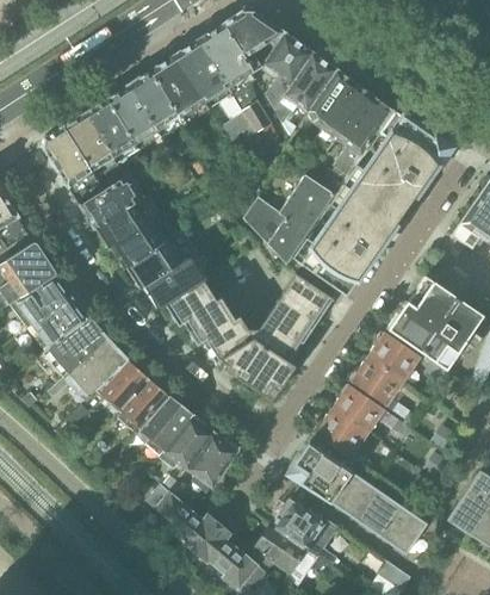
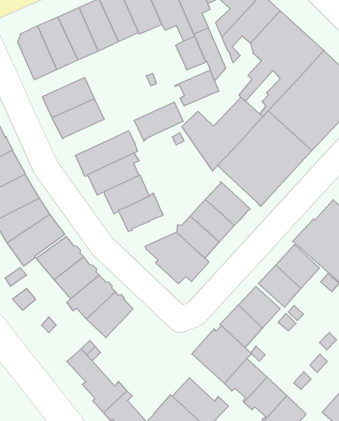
building: none -> [175,70,219,106]
building: [111,221,167,269] -> [134,102,183,141]
building: [203,316,254,364] -> none
building: [191,432,241,486] -> none

